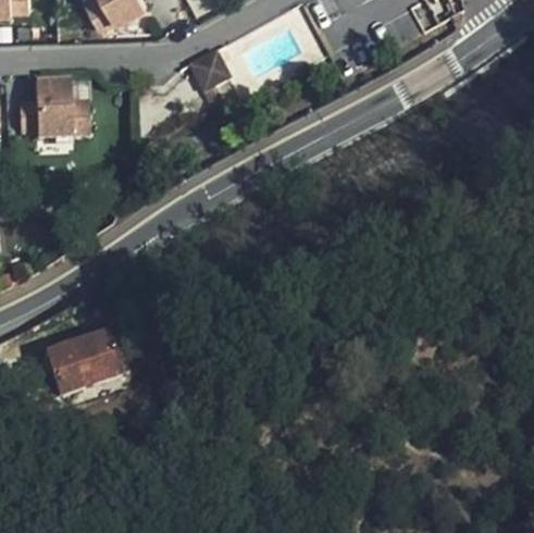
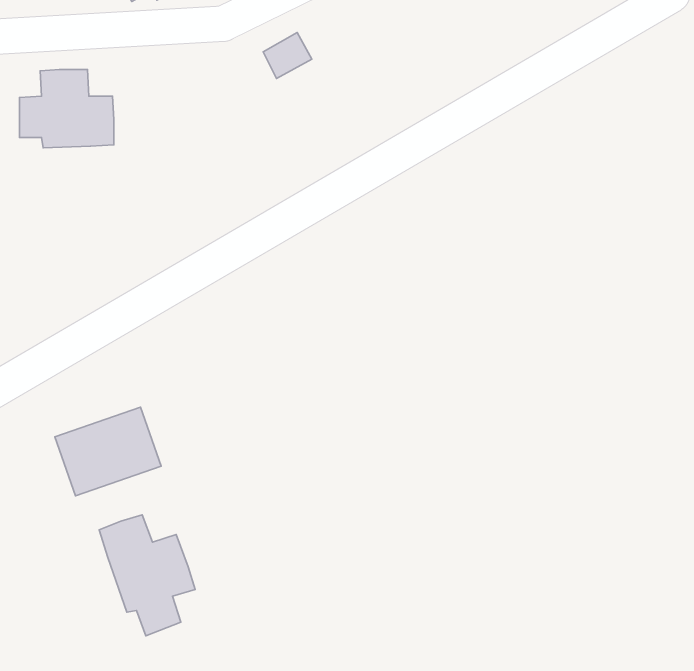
building: none -> [99,515,195,636]

